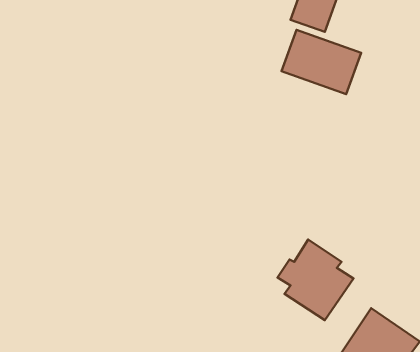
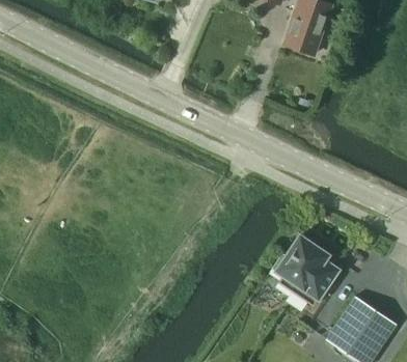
building: [281,30,361,94] -> none

